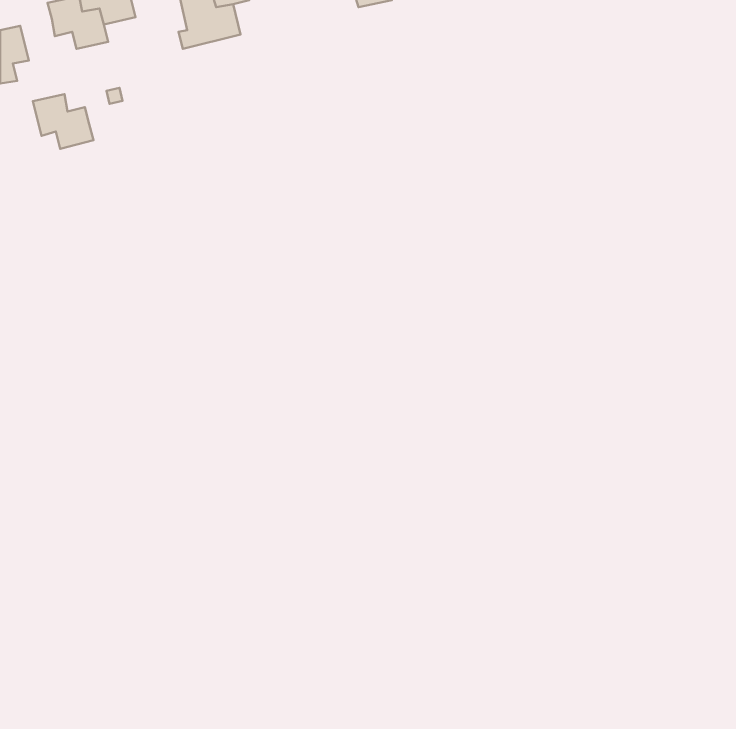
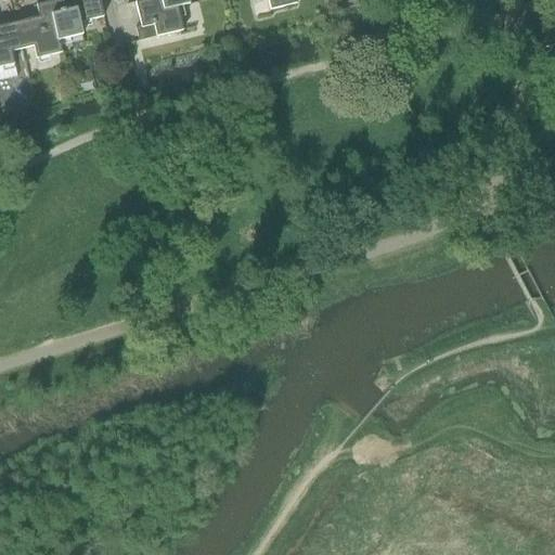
building: [33,94,93,149] -> [15,14,61,55]

